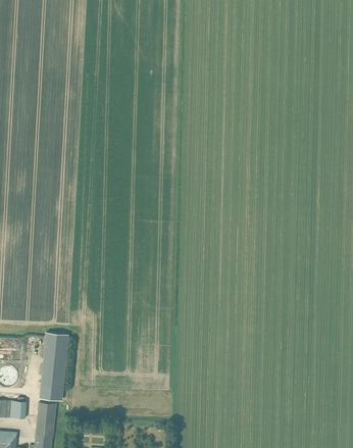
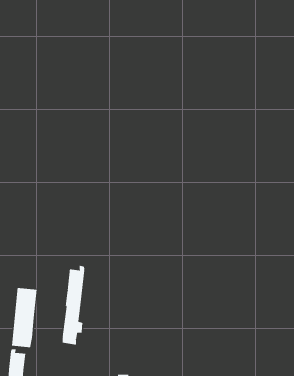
building: none -> [62,265,85,346]

